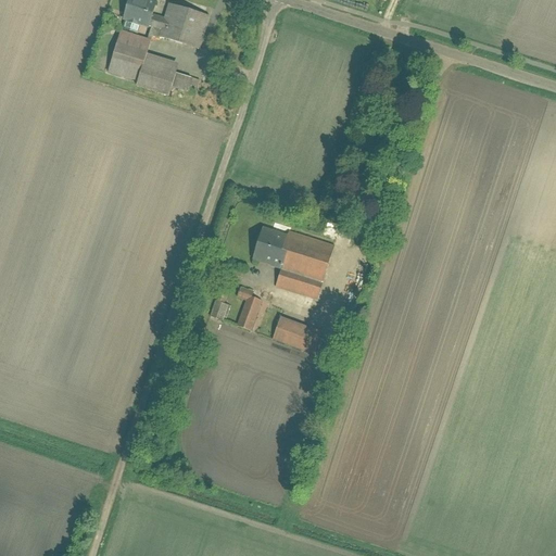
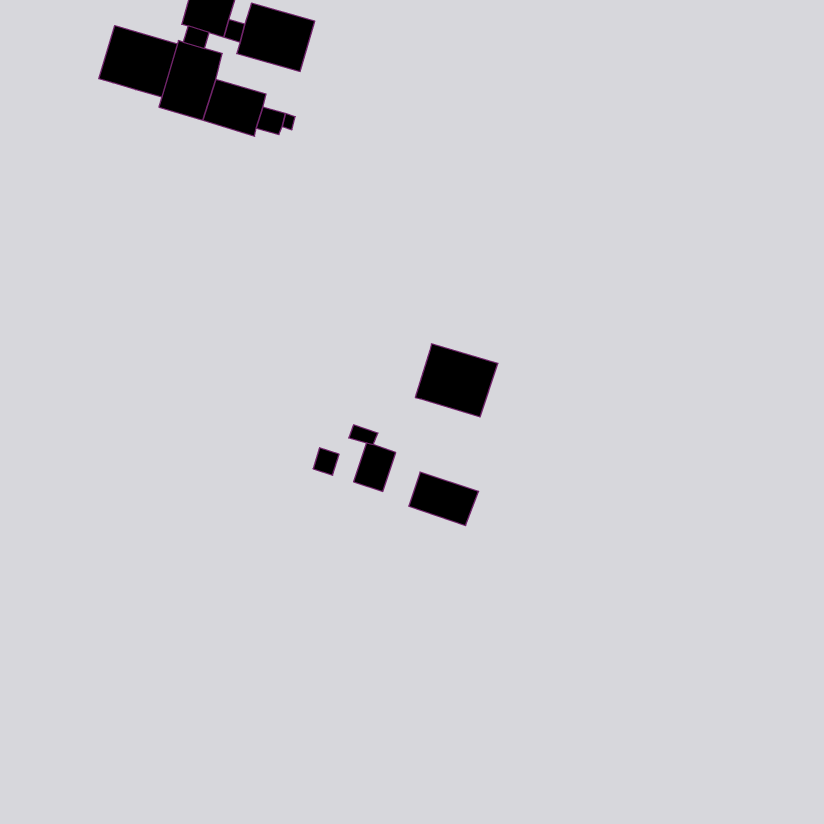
building: none -> [99,26,177,97]
building: [252,227,288,266] -> none
building: [277,267,321,298] -> none

